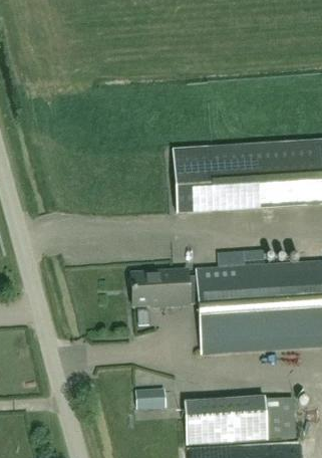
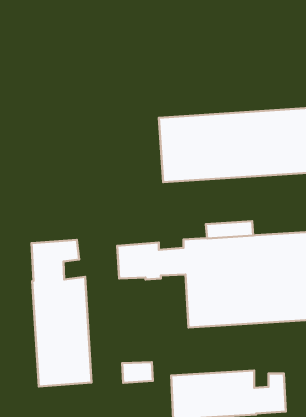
building: none -> [31,240,92,386]

